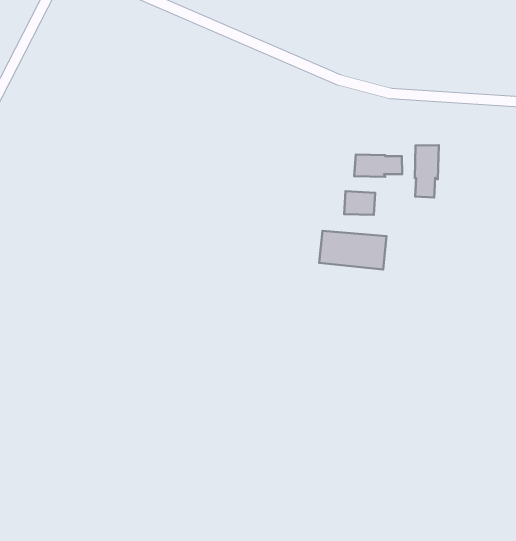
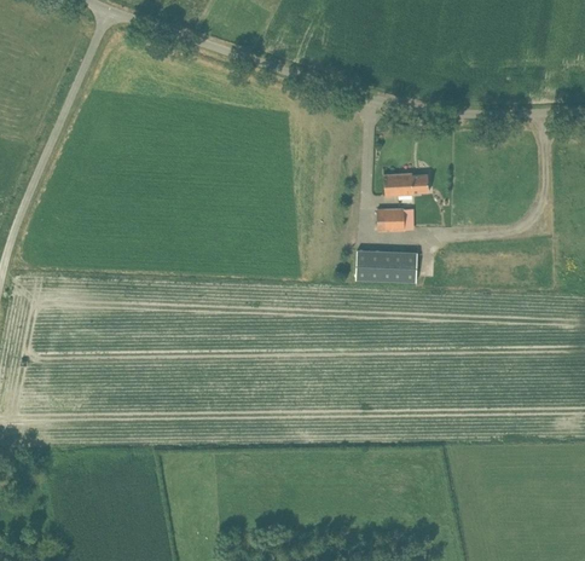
building: [415,145,439,198] -> none

